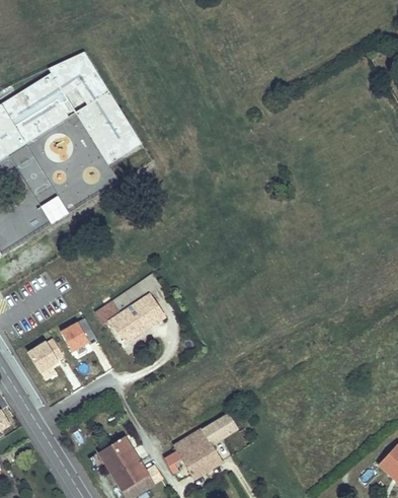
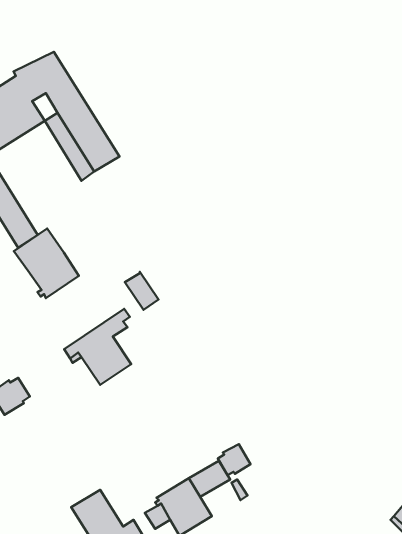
building: none -> [14,229,79,298]
building: [135,293,164,327] -> [125,272,158,310]
building: [61,318,97,352] -> none
building: none -> [218,444,250,475]

